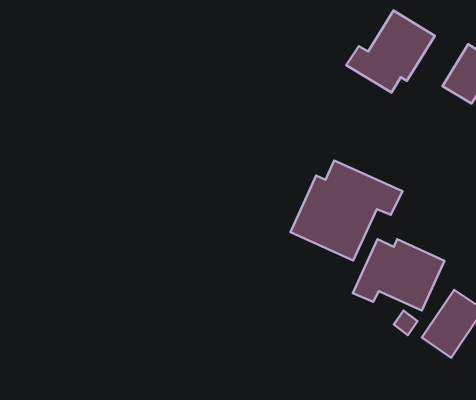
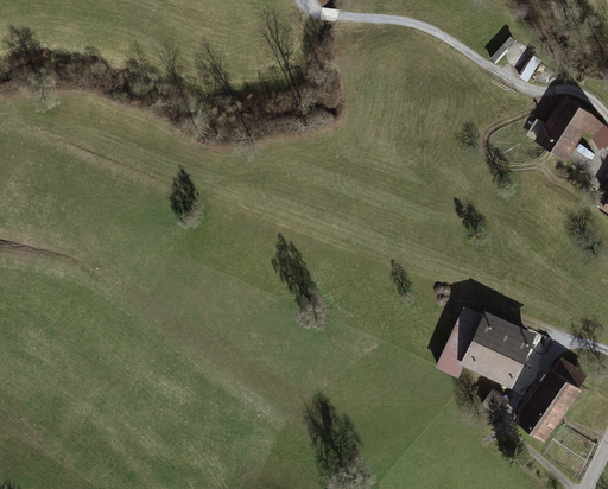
building: [346,10,435,93] -> none
building: [290,160,403,261] -> none

